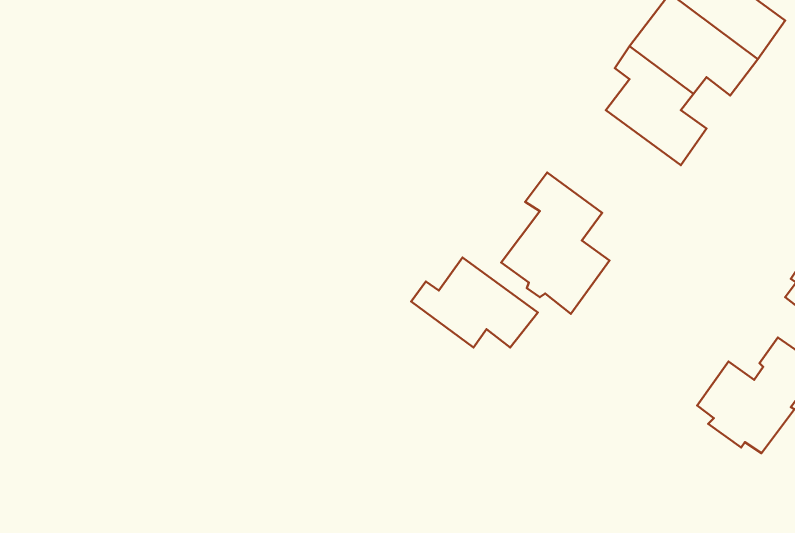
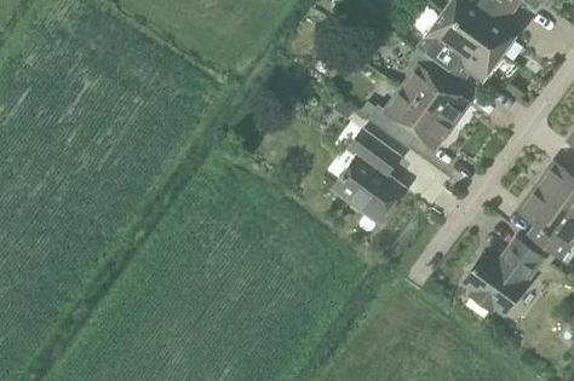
building: [411,258,538,347] -> [368,90,452,149]

